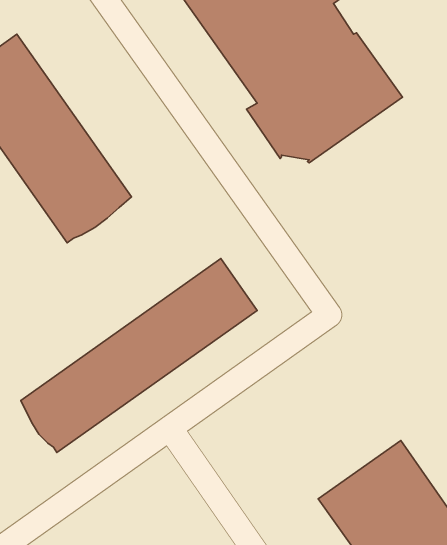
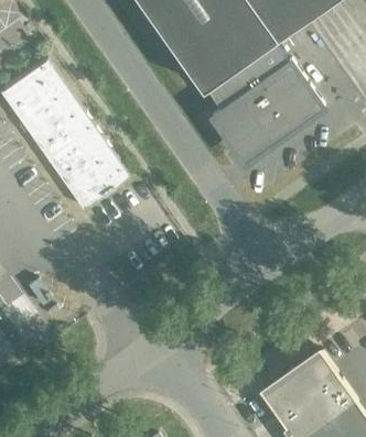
building: [21,258,257,452] -> none

